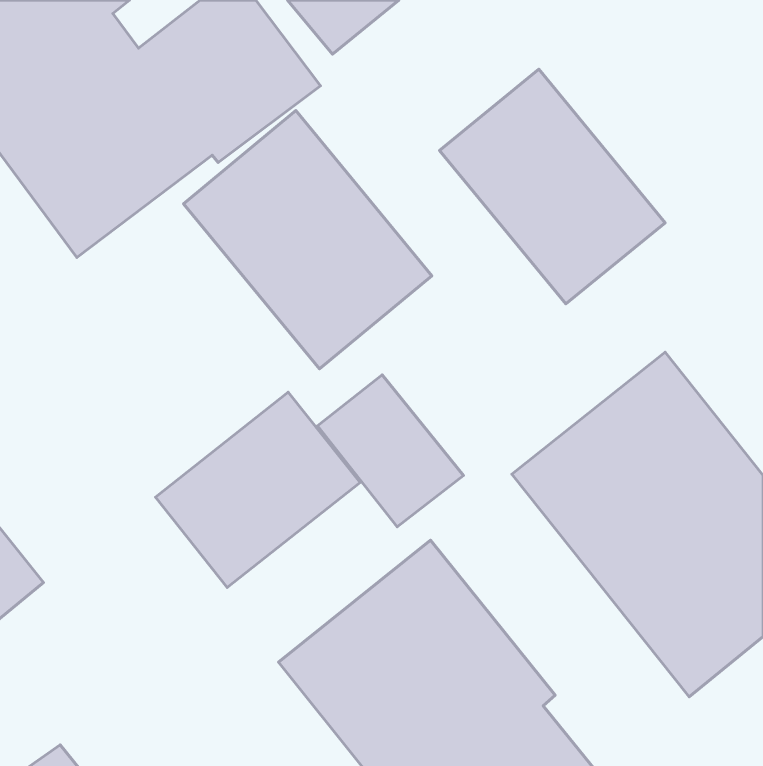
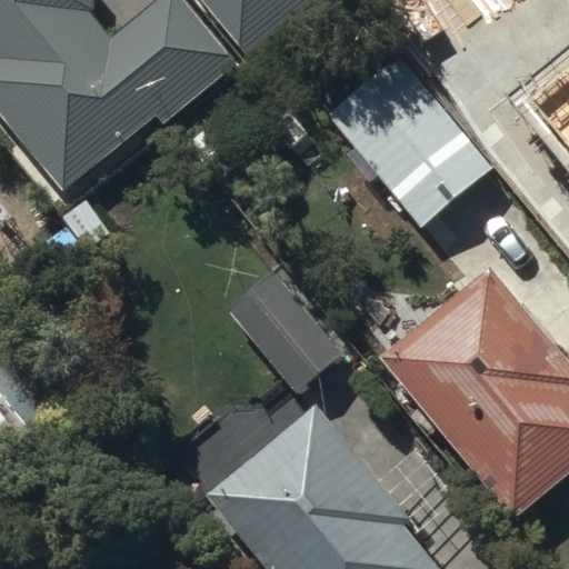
building: [183,111,432,369] -> none
building: [155,392,360,587] -> none

